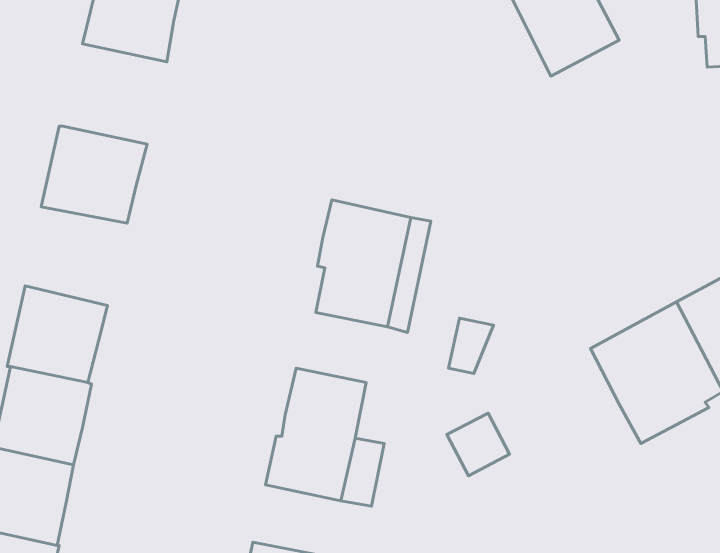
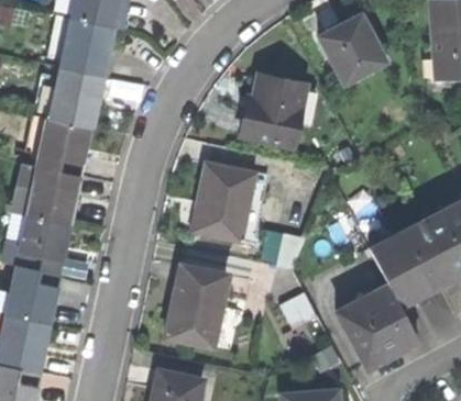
building: none -> [44,65,108,126]
building: none -> [241,76,303,144]
building: none -> [21,165,84,225]
building: none -> [333,286,415,371]

